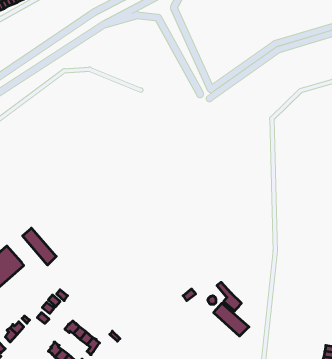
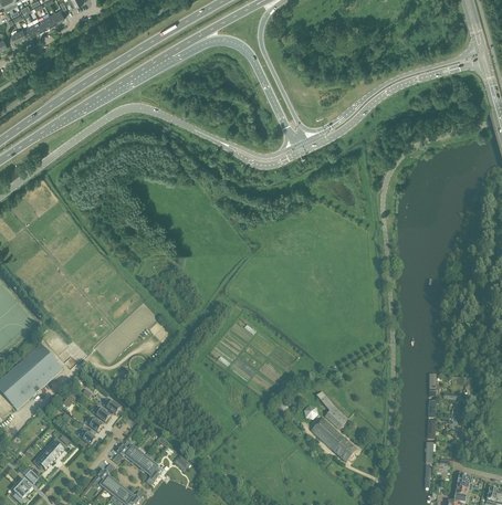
building: [23,228,56,265] -> none

